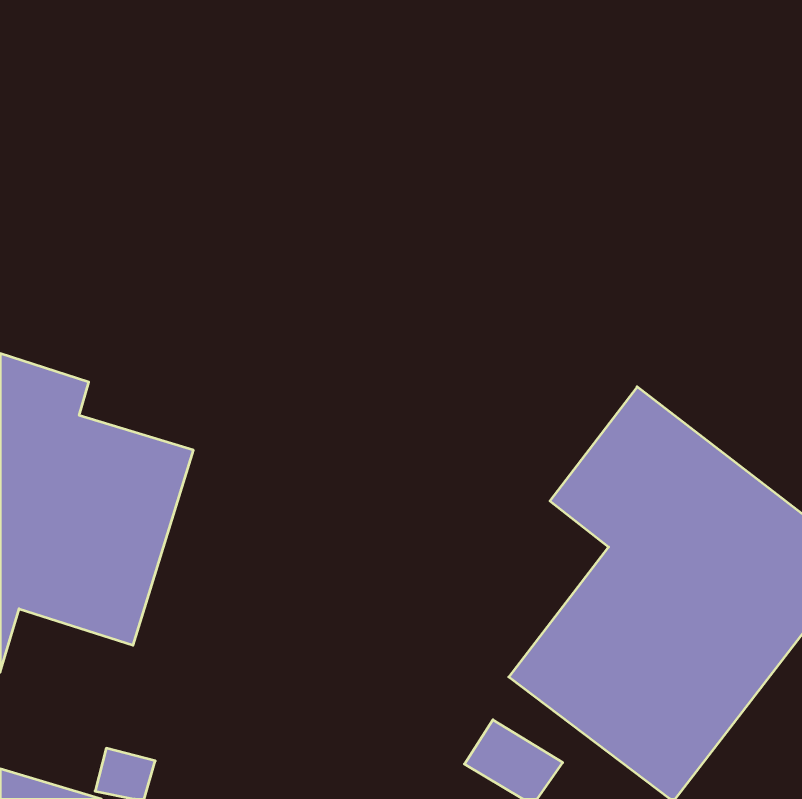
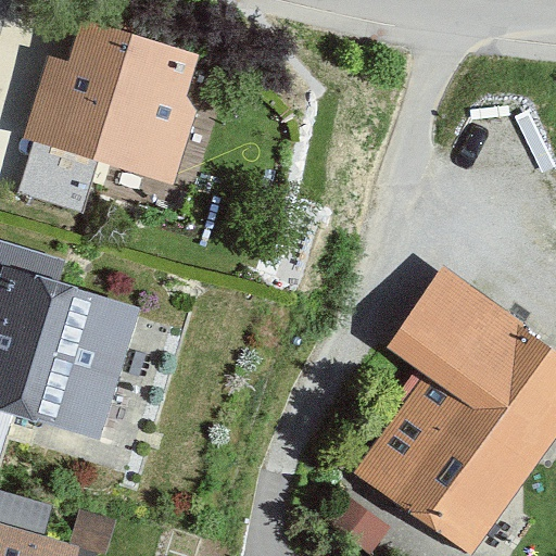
building: none -> [20,20,198,187]

